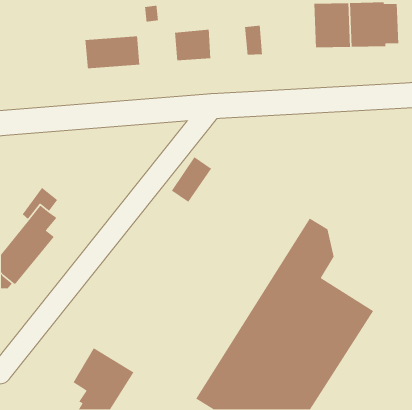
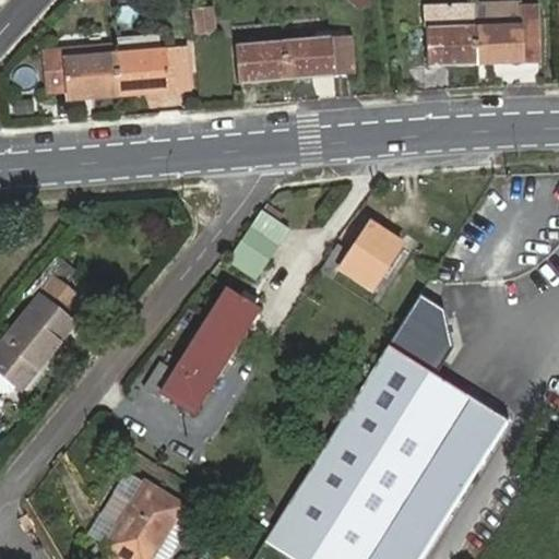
building: none -> [284,36,334,80]
building: none -> [46,48,118,98]
building: none -> [341,221,402,287]
building: none -> [145,289,258,411]

